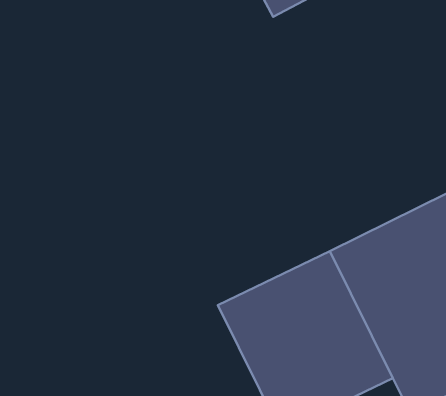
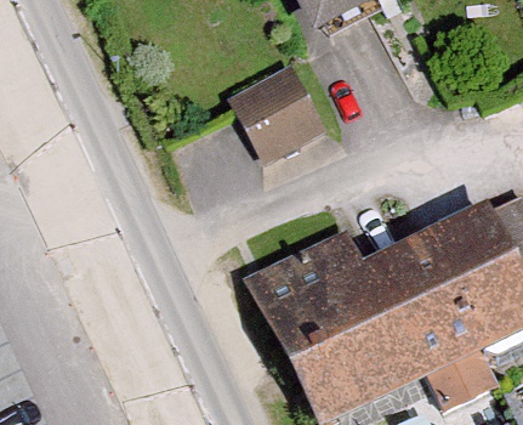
building: none -> [229,58,331,159]

